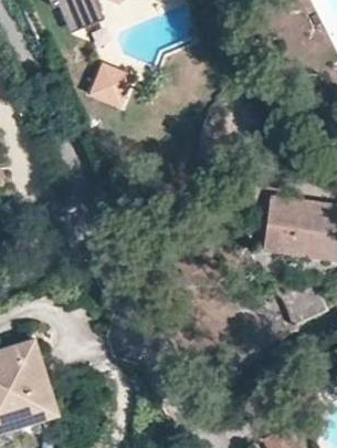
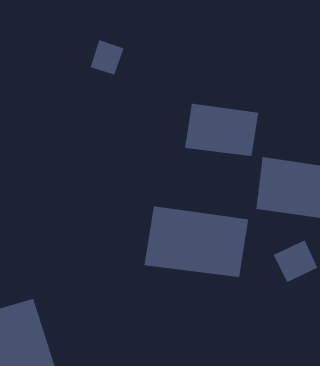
building: none -> [184,103,259,157]
building: none -> [144,206,249,278]

